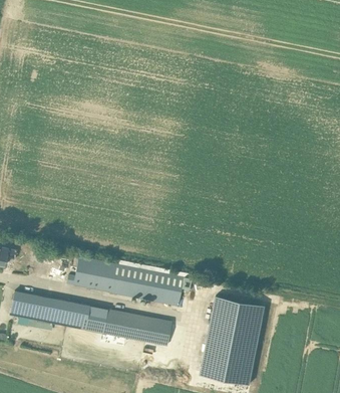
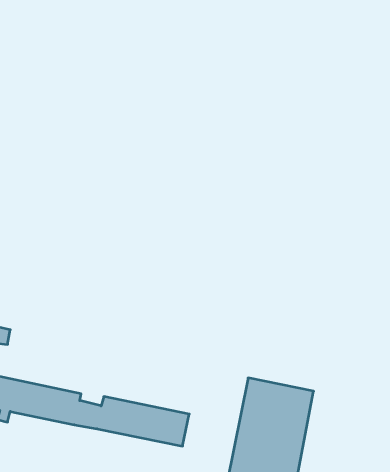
building: [67,256,191,310] -> none

